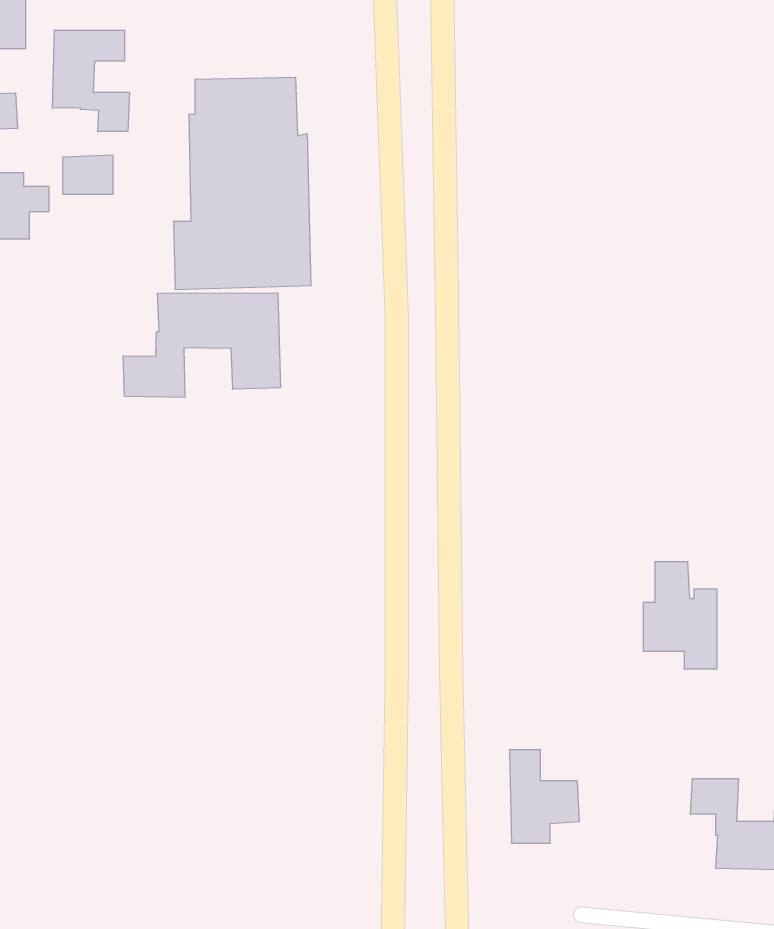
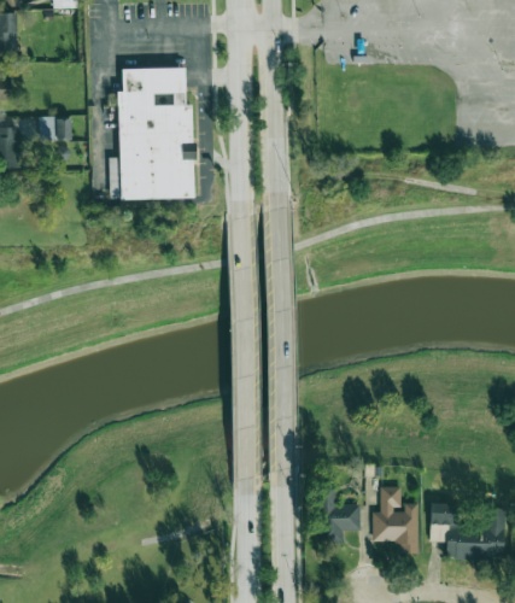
building: [52,30,130,132] -> none
building: [123,293,280,397] -> none
building: [643,562,717,669] -> [373,486,419,552]

